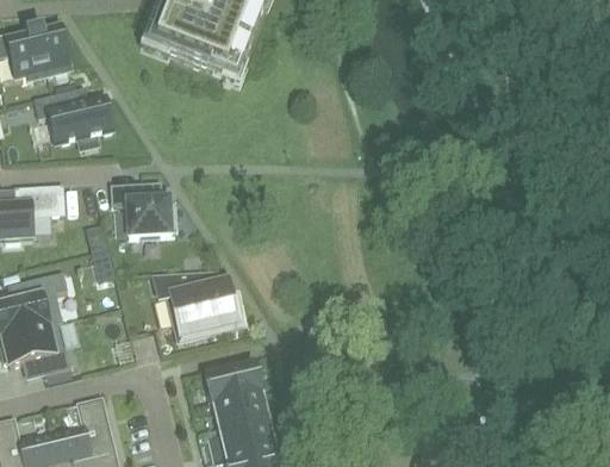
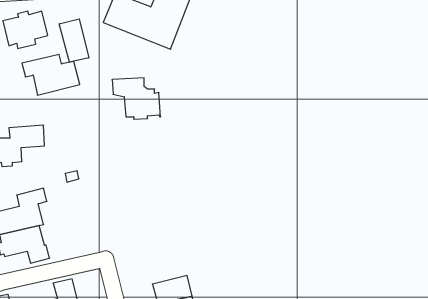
building: none -> [59,19,89,62]
building: [110,182,176,239] -> [112,78,161,119]
building: [152,269,243,335] -> none
building: [205,363,260,404] -> none

